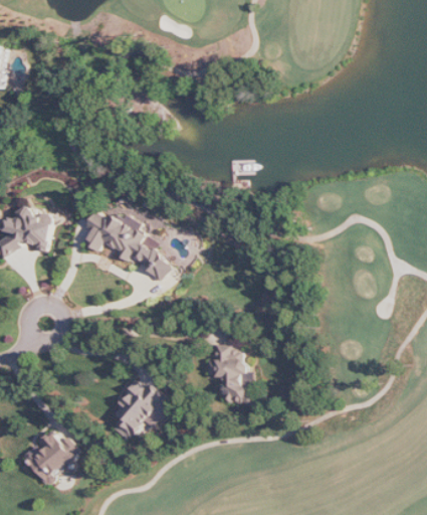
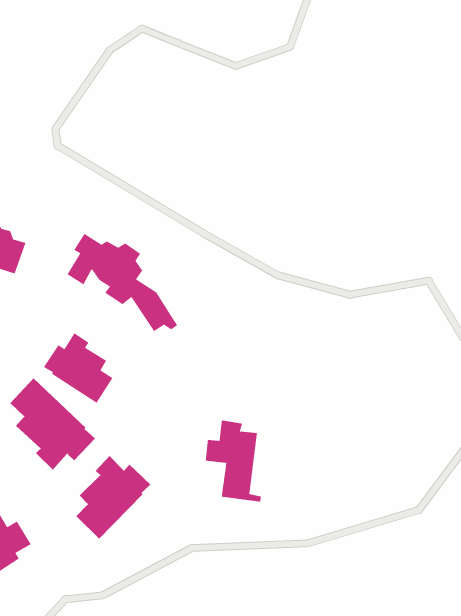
building: none -> [43,332,114,404]
building: none -> [9,377,96,471]

